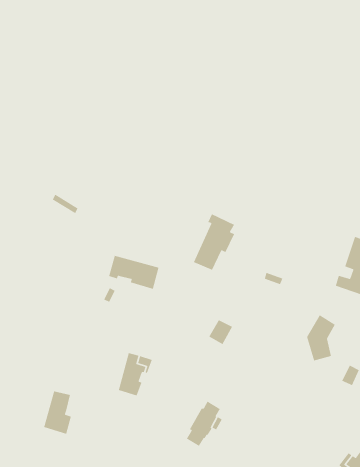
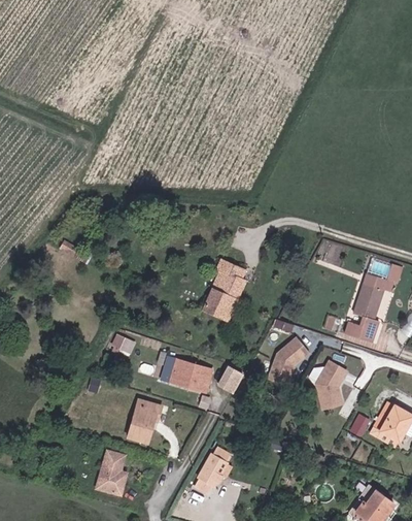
building: [108,255,160,290] -> [161,357,212,392]
building: none -> [268,336,309,386]
building: [43,391,72,435] -> [97,451,126,495]

